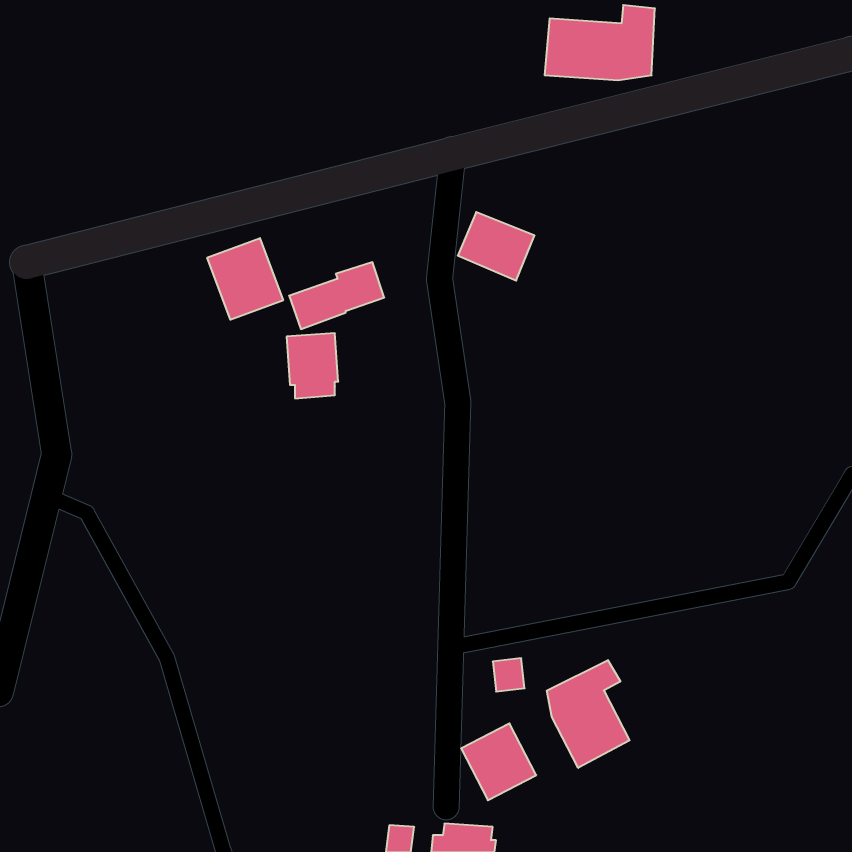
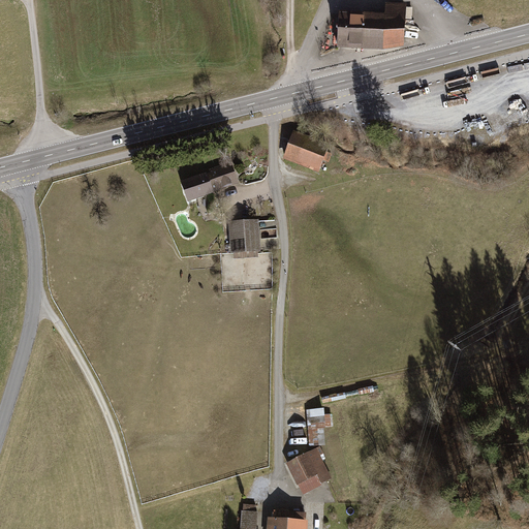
building: [207,238,283,320] -> none
building: [287,333,338,398] -> [228,219,260,259]
building: [547,660,630,768] -> none

